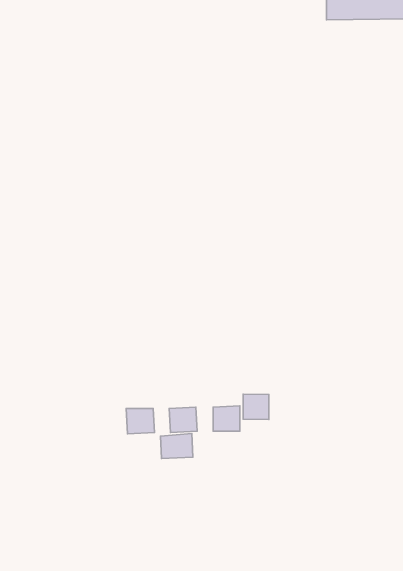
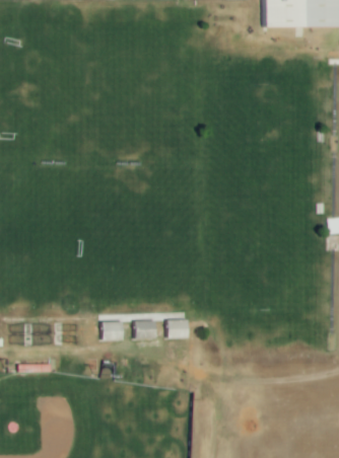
building: [243,394,269,419] -> none
building: [160,433,193,459] -> none

